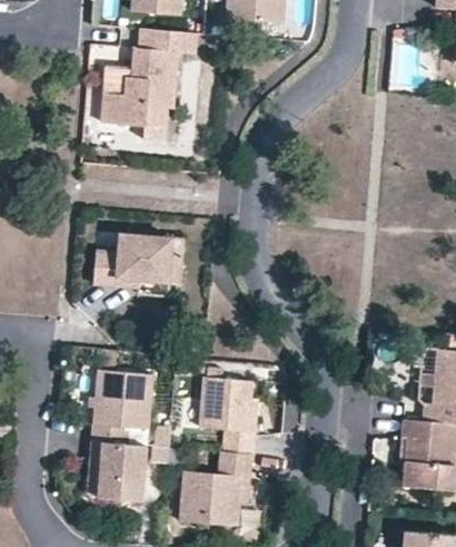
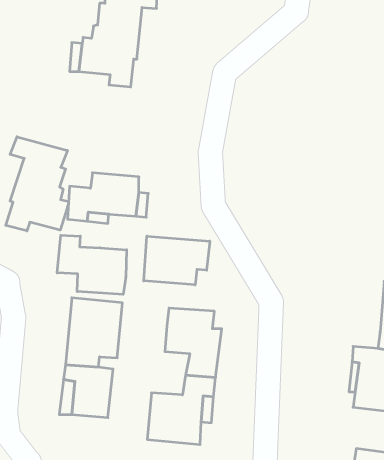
building: none -> [6,137,69,231]
building: none -> [57,235,127,294]
building: none -> [144,236,210,285]

